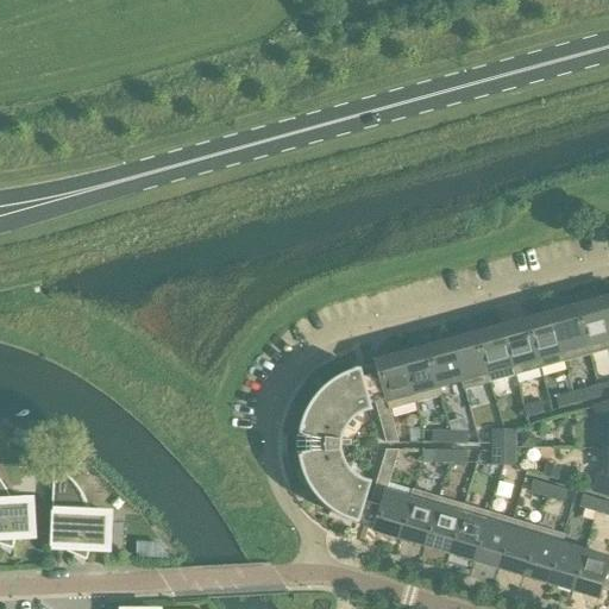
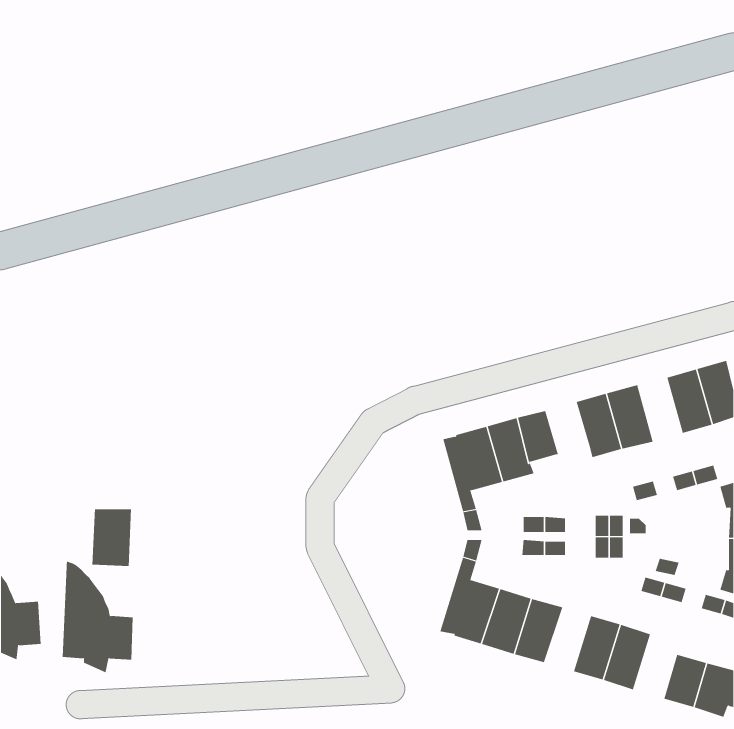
building: [528,313,565,366] -> none
building: [452,333,490,388] -> none
building: [291,365,370,522] -> none
building: none -> [92,508,132,567]
building: [451,503,489,557] -> none
building: [525,526,565,579] -> none

